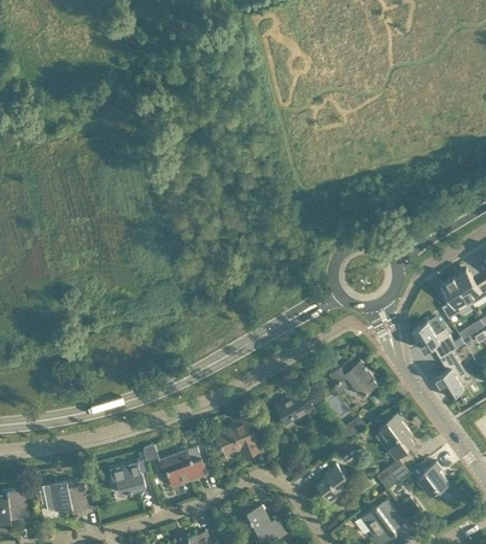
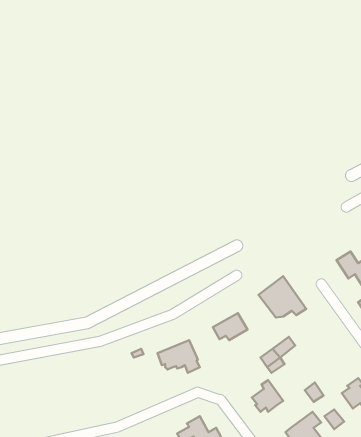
building: [380,413,414,460] -> none
building: [158,449,206,487] -> none
building: [109,460,147,495] -> none
building: [48,481,87,514] -> none

